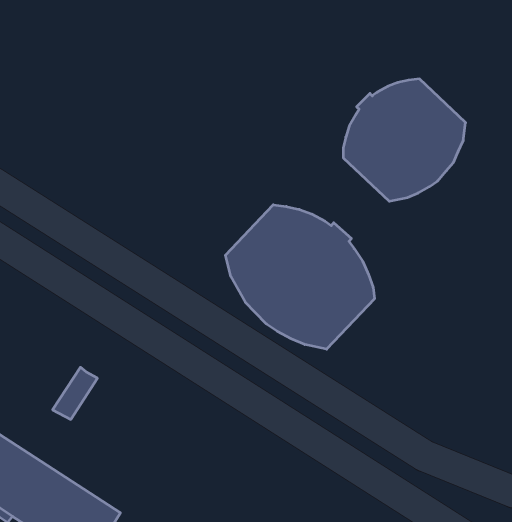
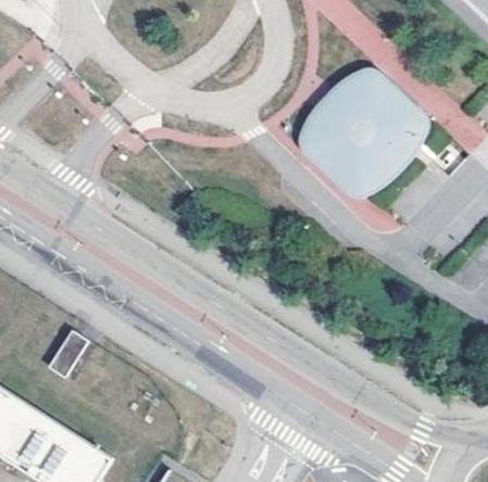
building: [225,205,374,349] -> none

